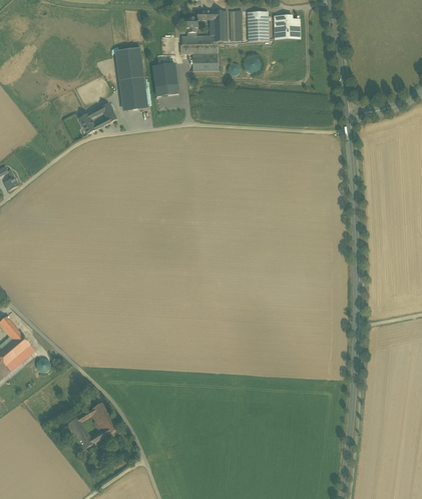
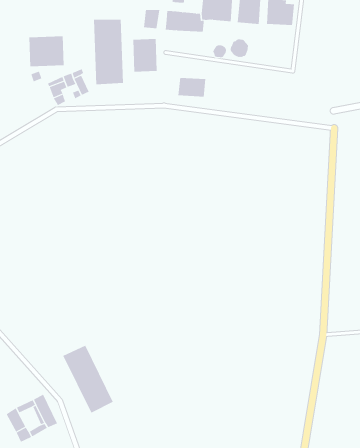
building: [192,53,218,71] -> [178,77,206,97]
building: none -> [29,35,64,67]
building: none -> [62,345,113,414]

